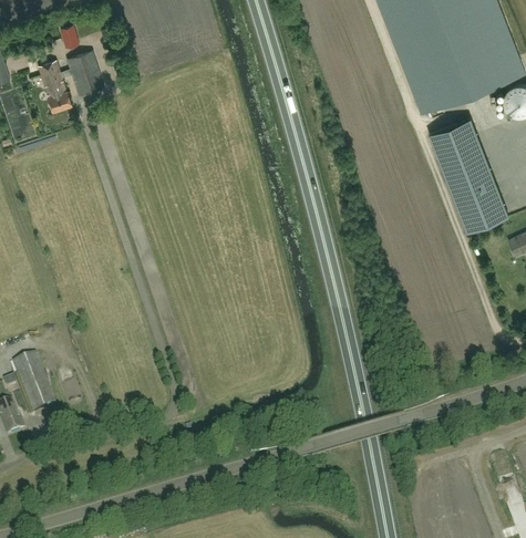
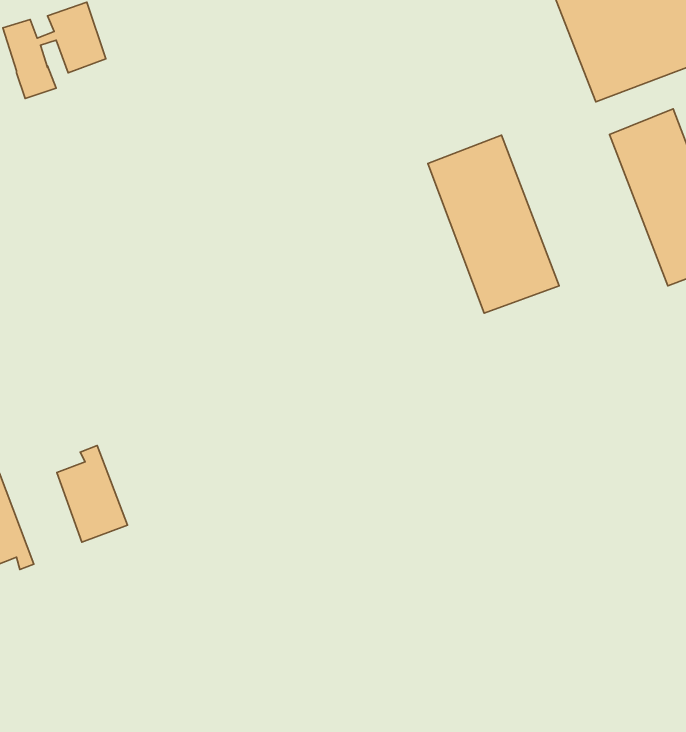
building: none -> [428,135,559,313]
building: none -> [57,446,127,542]

